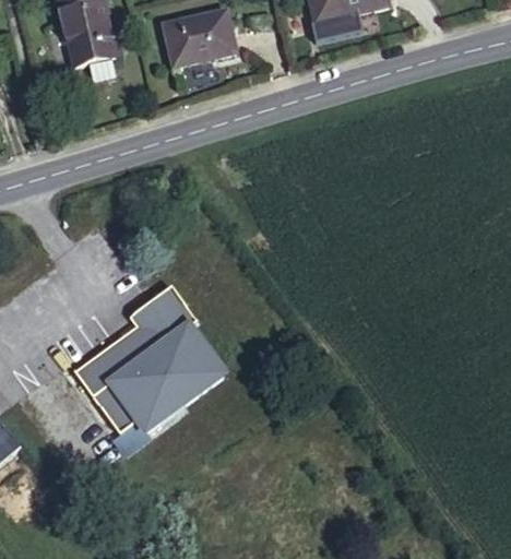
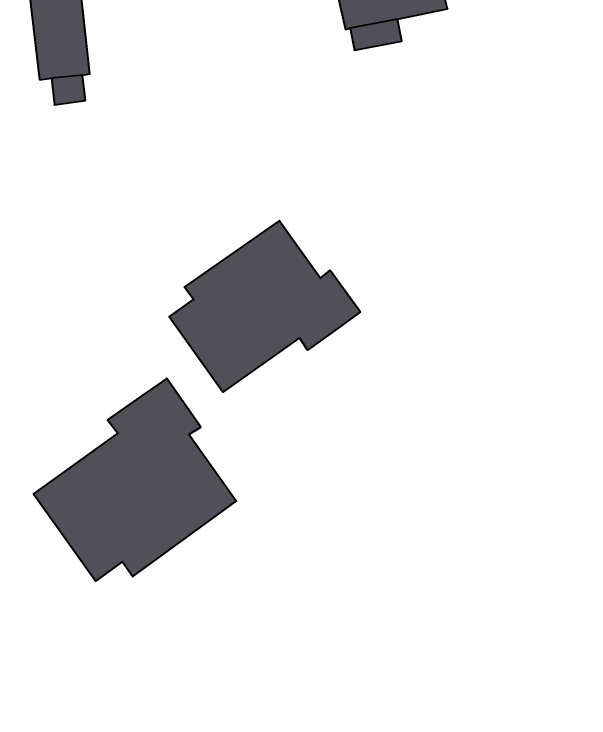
building: [157,15,227,68] -> none
building: none -> [169,221,360,392]

